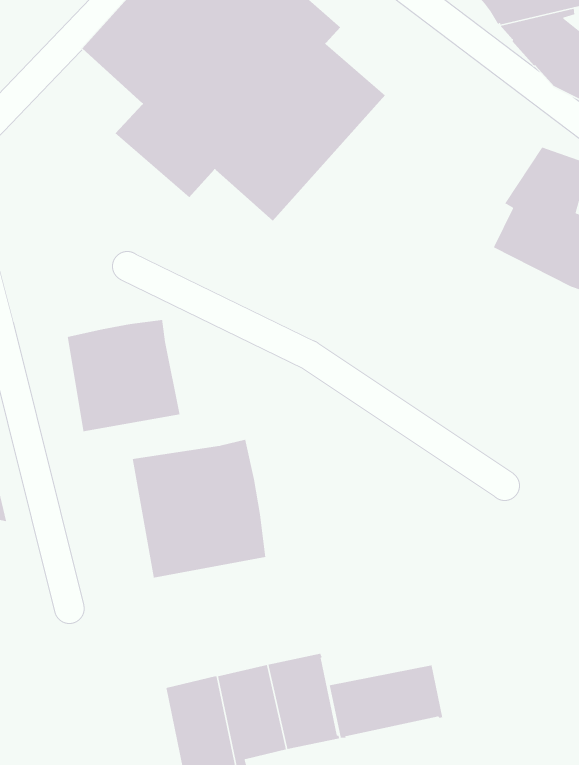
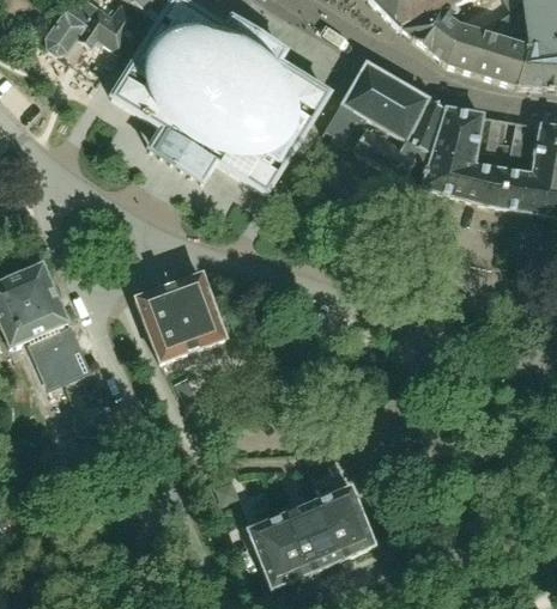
building: none -> [323,60,446,182]
building: [132,439,266,579] -> none
building: [329,665,443,738] -> none

